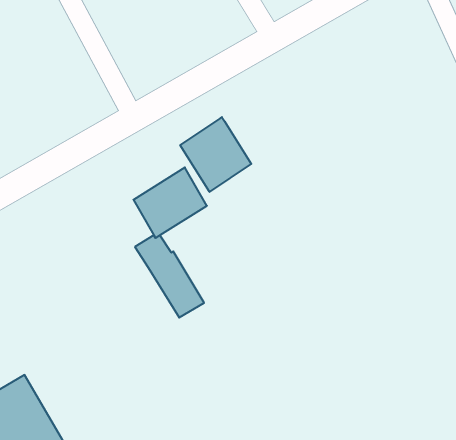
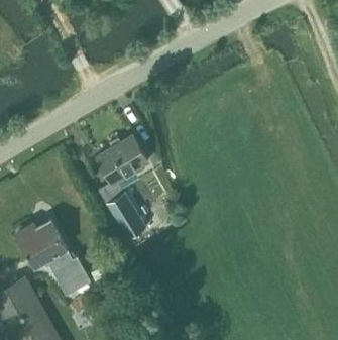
building: [180,117,251,192] -> none
building: none -> [16,221,91,294]

